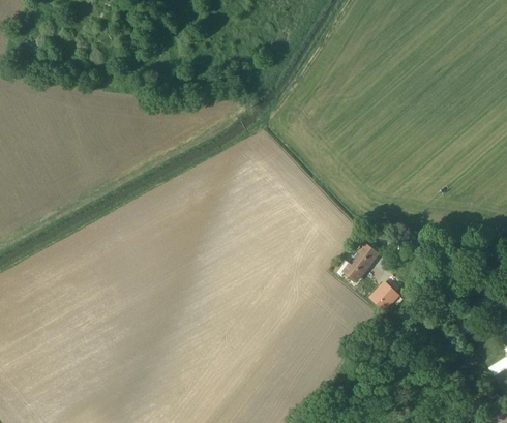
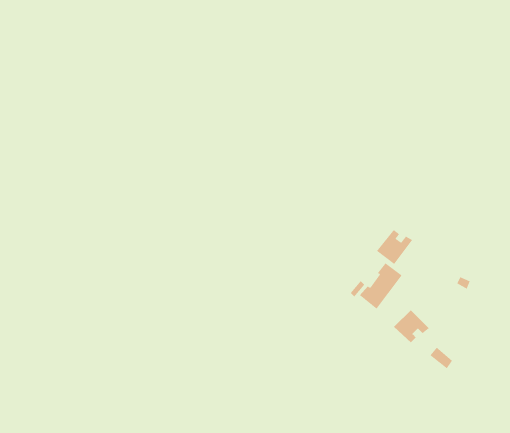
building: none -> [376,229,413,265]

